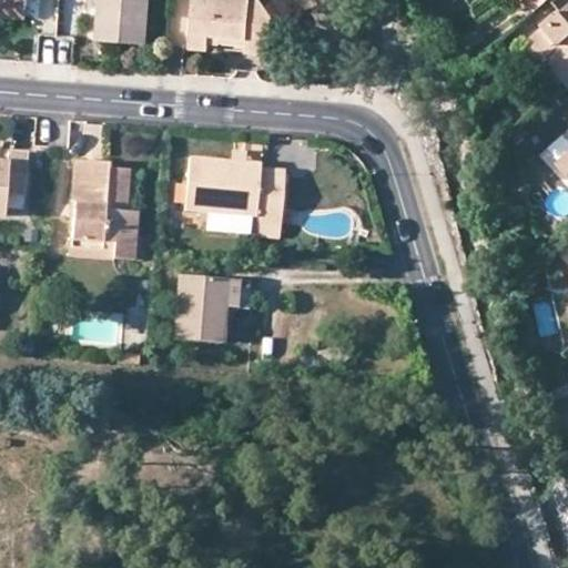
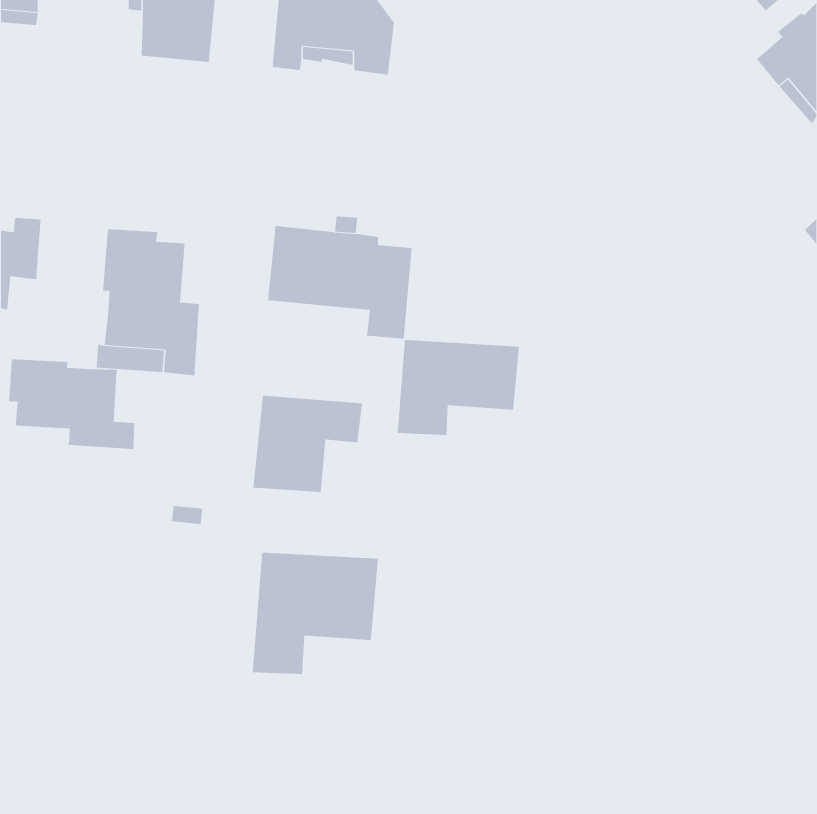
building: none -> [397,339,519,436]
building: none -> [8,358,135,450]
building: none -> [252,552,378,675]

